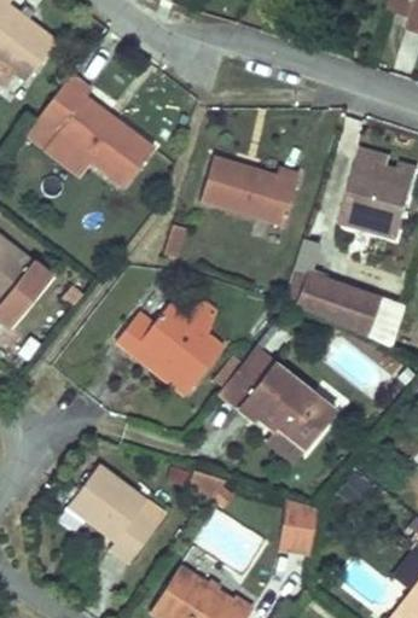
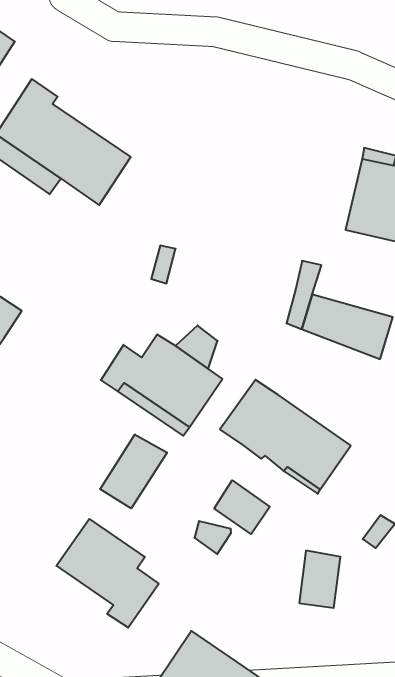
building: [198,152,298,225] -> none
building: none -> [100,434,167,508]
building: none -> [214,480,270,534]

